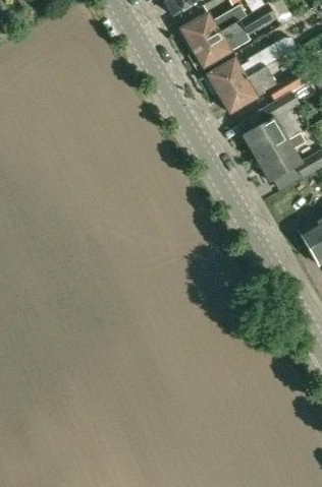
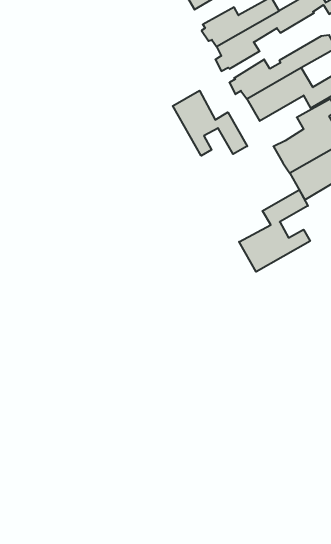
building: none -> [173,91,247,156]
building: none -> [239,190,310,272]

